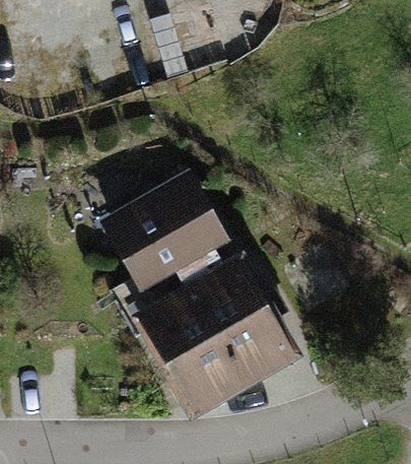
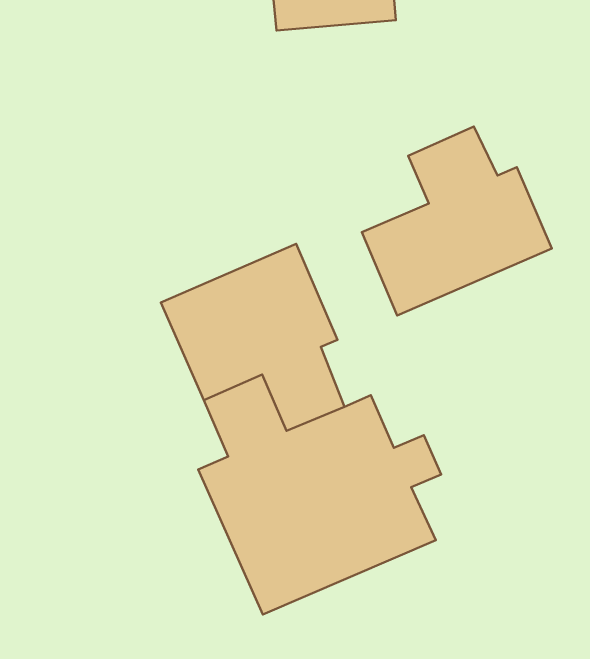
building: none -> [362,126,552,315]

